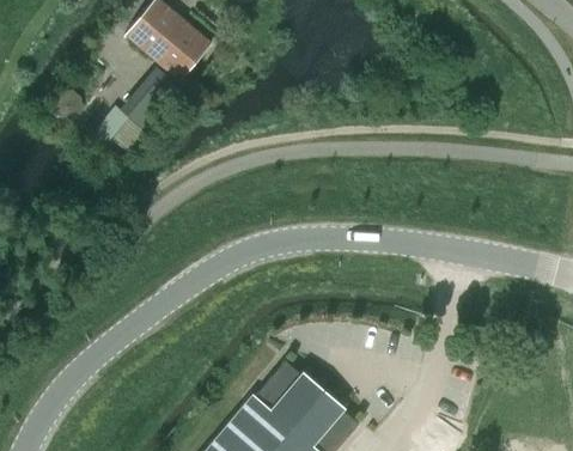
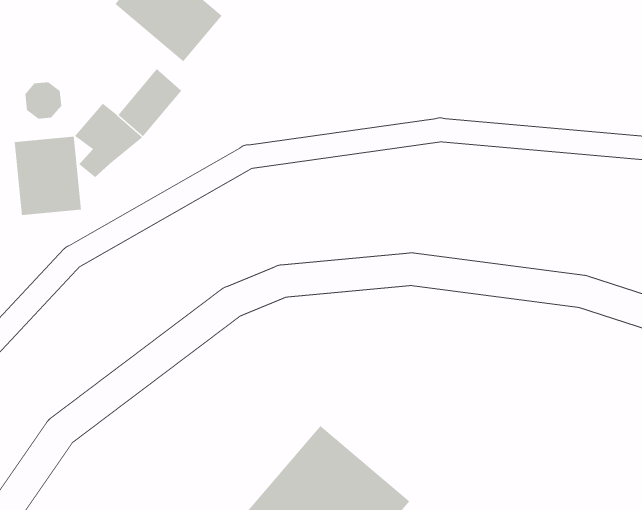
building: none -> [14,136,81,216]

